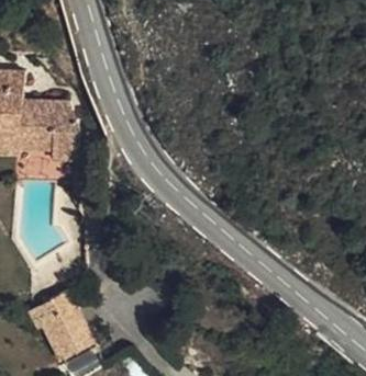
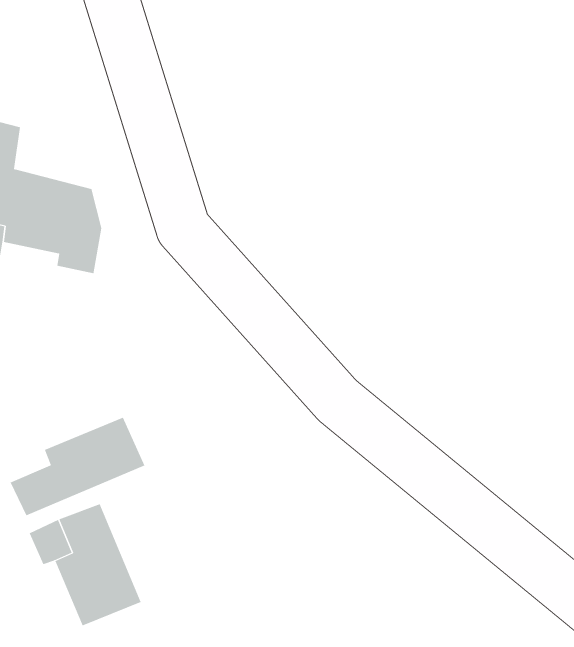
building: none -> [10,417,145,516]

